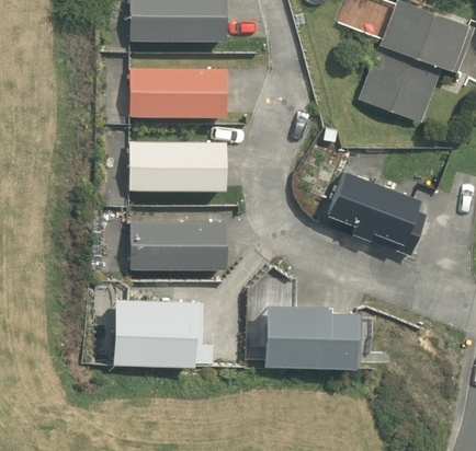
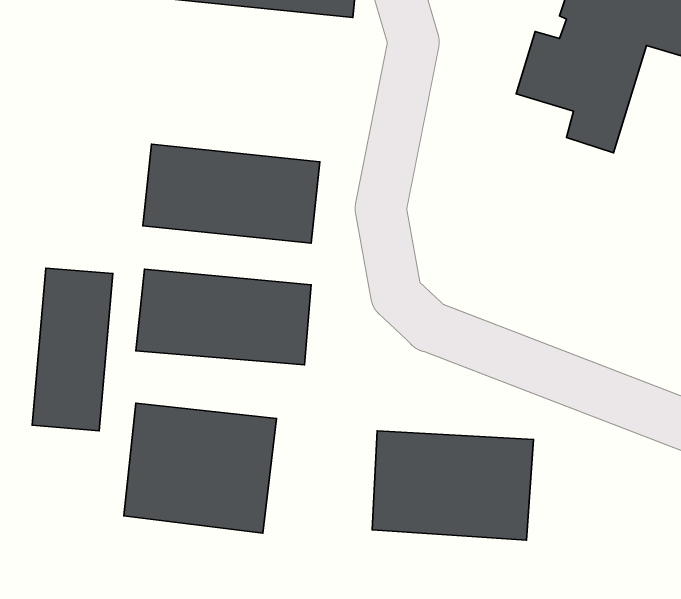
building: [122,60,234,119] -> none
building: [319,171,417,253] -> none
building: none -> [32,268,113,431]

